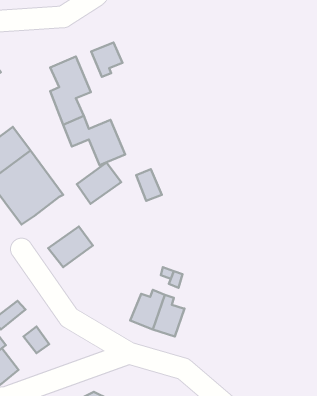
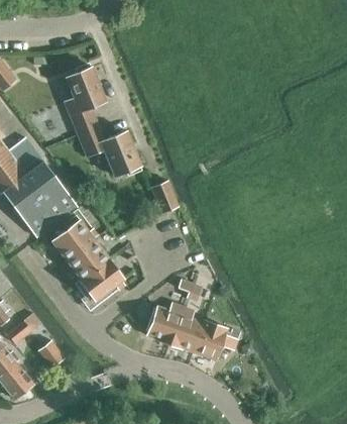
building: [91,42,123,77] -> none
building: [77,162,121,204] -> [49,219,95,261]
building: none -> [79,258,124,301]
building: none -> [193,321,237,360]

